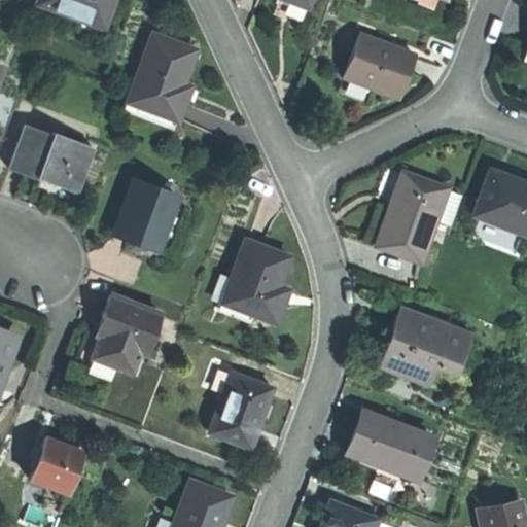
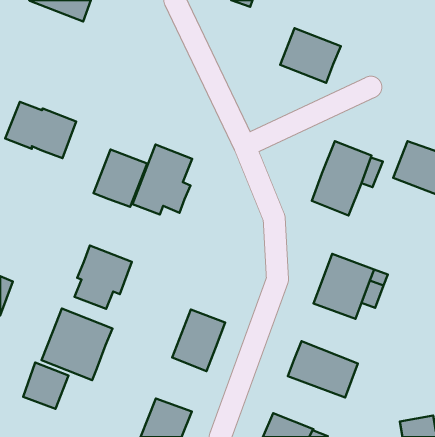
building: [130,34,199,120] -> none
building: [220,239,292,323] -> [132,144,192,215]
building: none -> [42,308,112,380]

